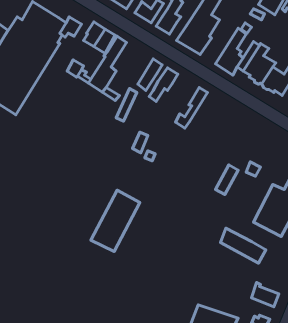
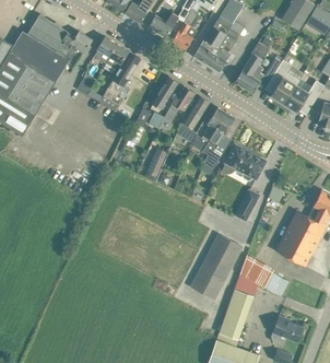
building: none -> [177,95,209,141]
building: none -> [202,112,235,168]
building: none -> [225,143,266,180]
building: [91,190,140,251] -> [190,233,243,298]
building: none -> [219,289,252,339]

